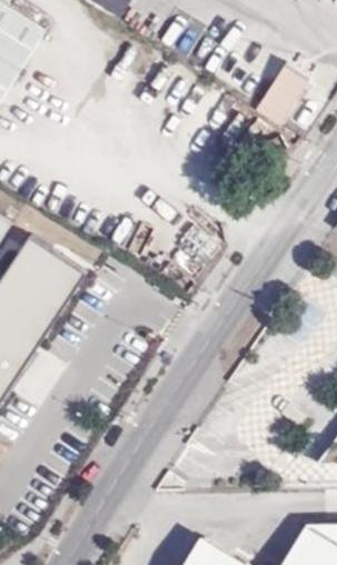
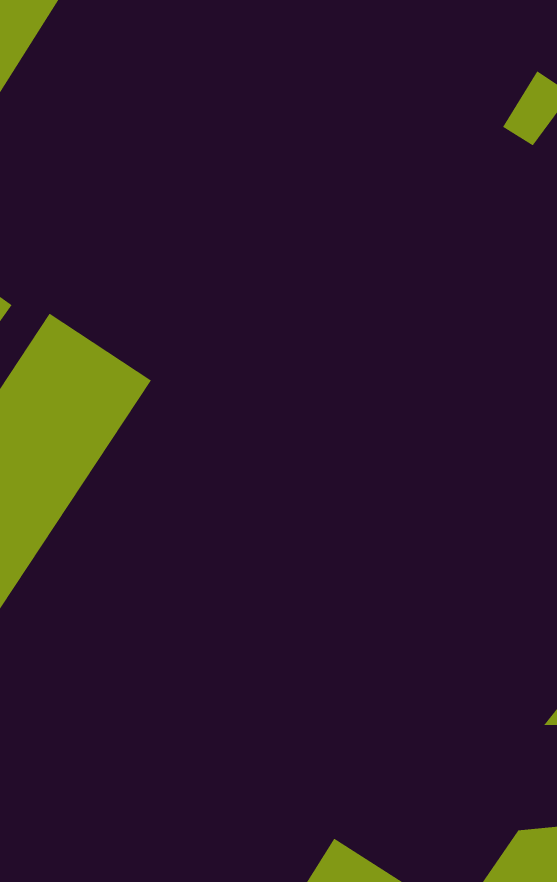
building: [257,66,313,129] -> none

